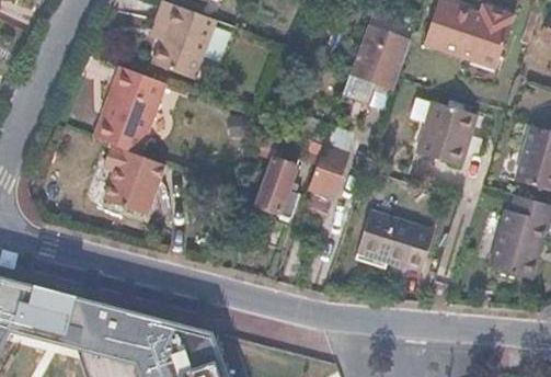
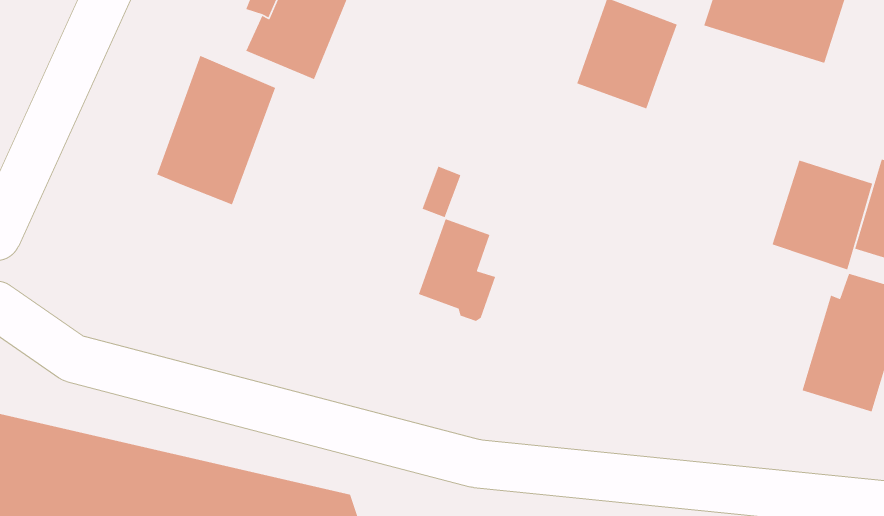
building: [411,101,472,168] -> [772,160,873,270]
building: [103,141,164,213] -> none
building: [309,148,346,197] -> none
building: [357,213,433,274] -> none

